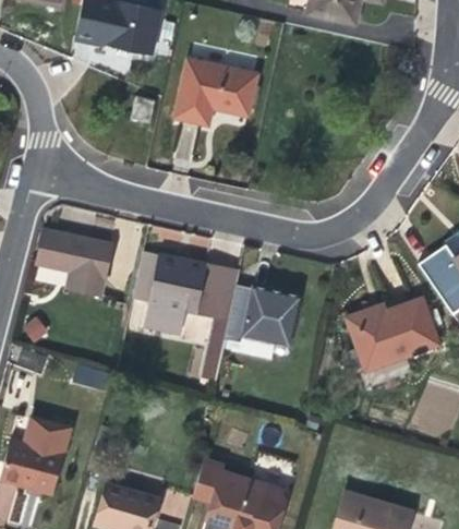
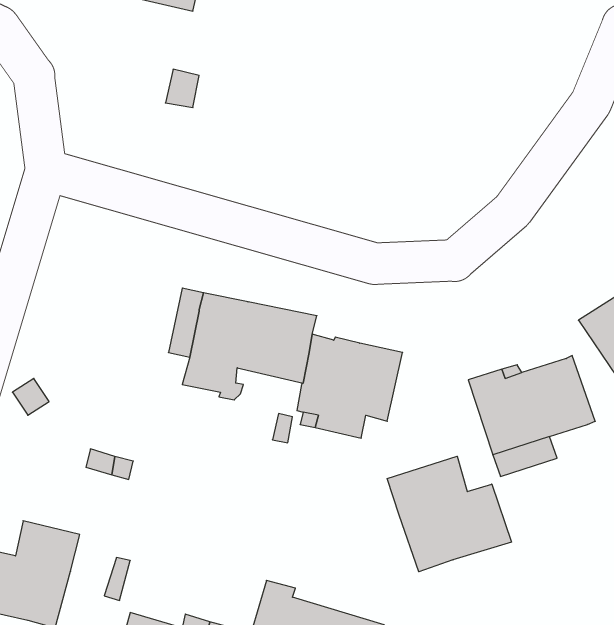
building: [176,59,256,122] -> none
building: [36,229,111,296] -> none
building: none -> [387,456,512,572]

